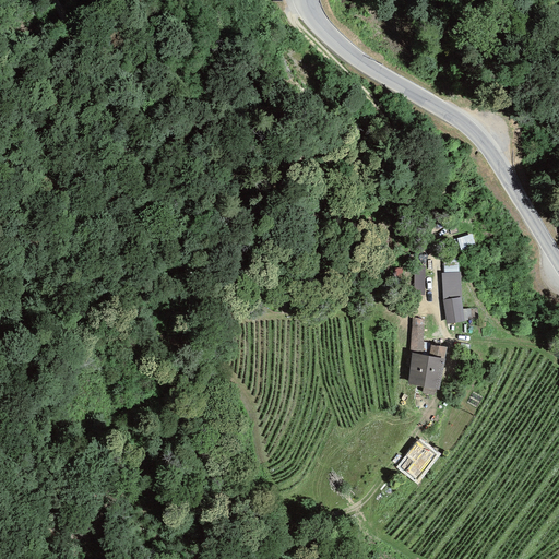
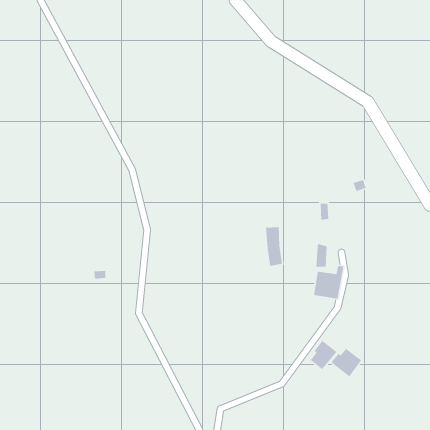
building: [441,271,464,323] -> [265,226,283,267]
building: none -> [330,348,362,377]

